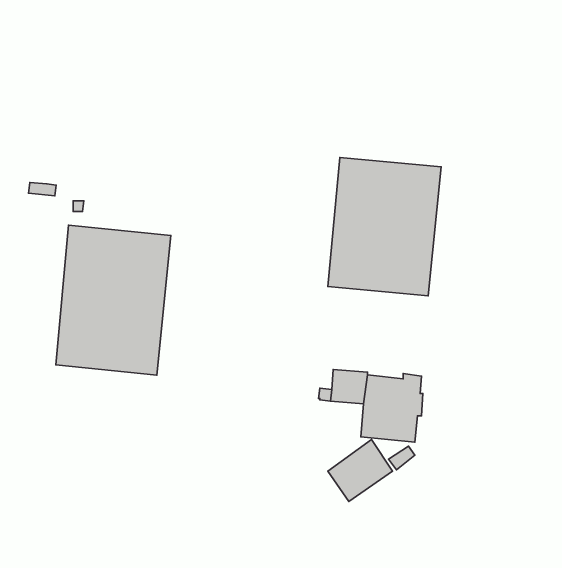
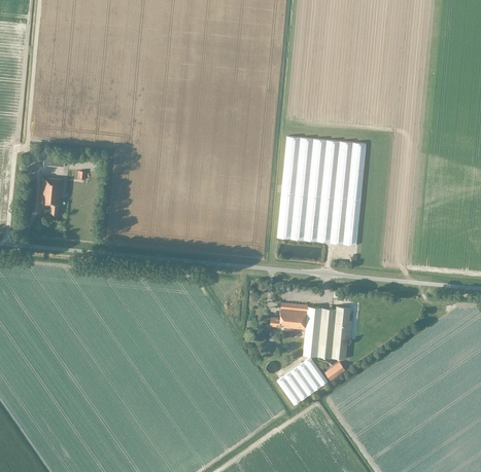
building: none -> [40,177,63,214]
building: [56,225,171,375] -> none

